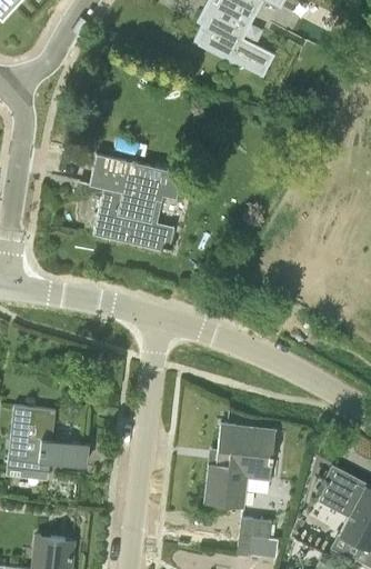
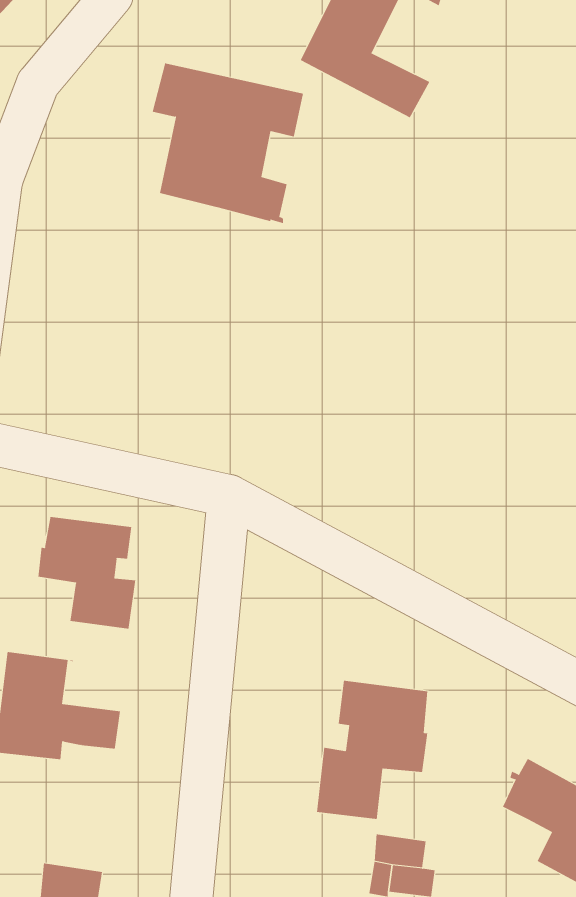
building: [89,154,182,253] -> [152,63,304,224]
building: none -> [38,516,136,629]

